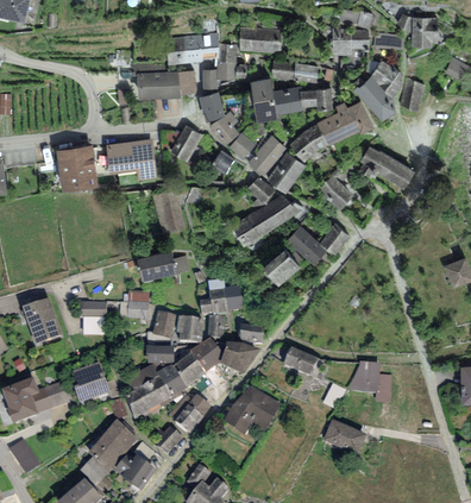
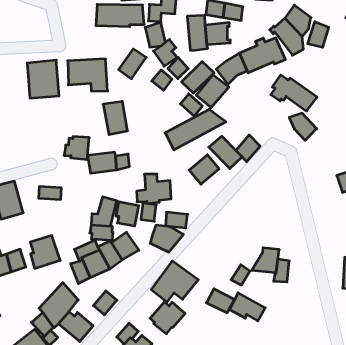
building: [300,88,333,111] -> none
building: [319,176,353,209] -> [289,113,317,140]
building: [119,290,149,317] -> [64,137,89,160]
building: [189,337,222,372] -> none
building: [283,345,318,373] -> [206,289,235,313]
building: [169,392,212,432] -> [150,302,185,334]

